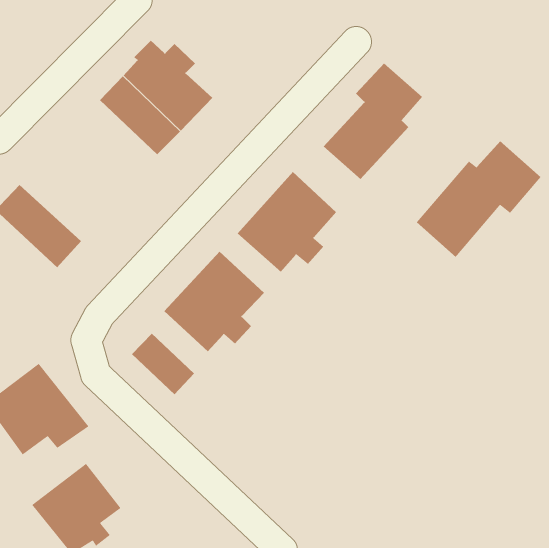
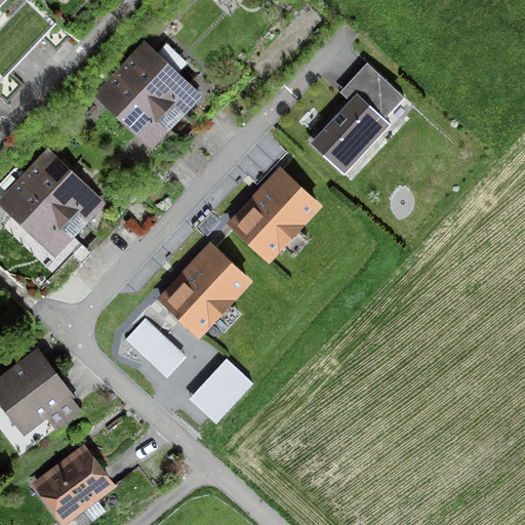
building: [416,140,542,258] -> none
building: none -> [18,149,105,232]
building: none -> [188,358,252,425]

